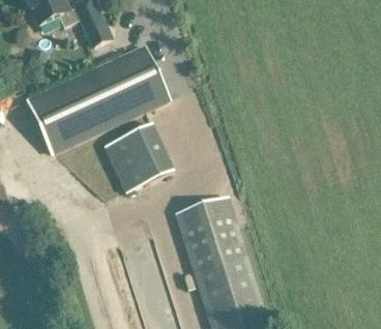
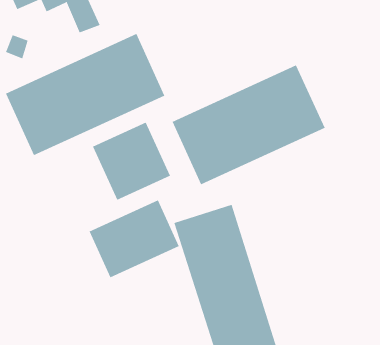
building: none -> [172,65,325,185]
building: none -> [89,199,180,278]

